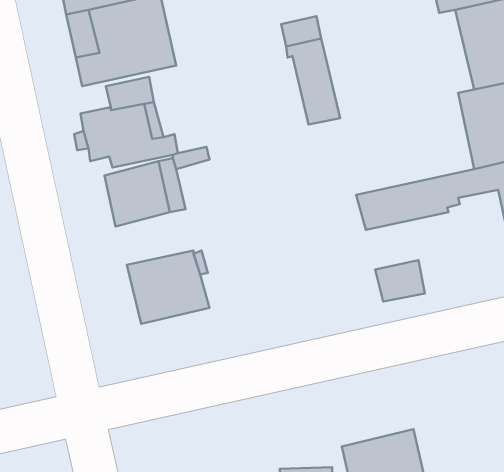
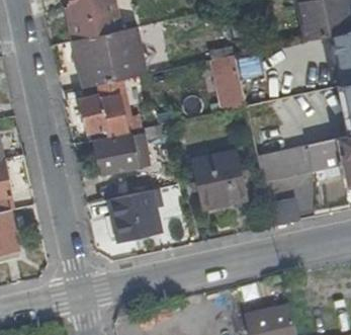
building: none -> [190,148,247,207]

